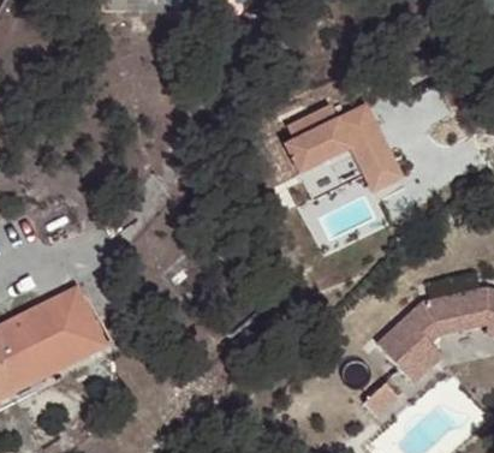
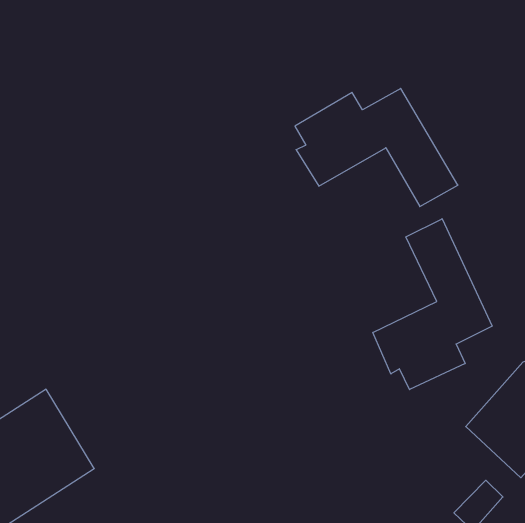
building: none -> [373,219,492,390]

